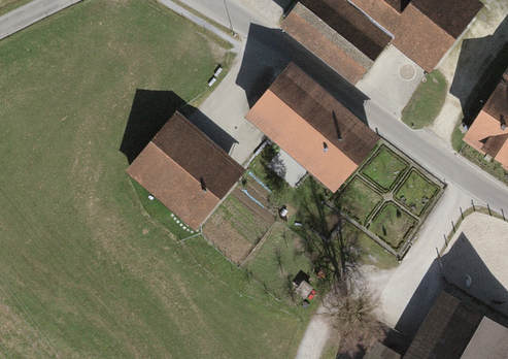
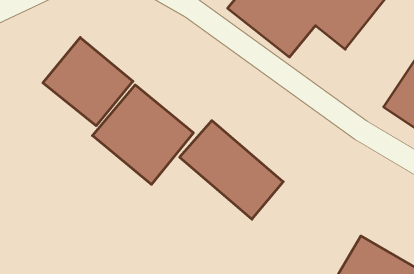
building: none -> [43,37,133,126]
building: [250,69,373,186] -> [180,121,283,219]

